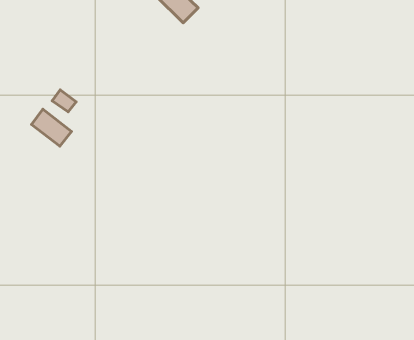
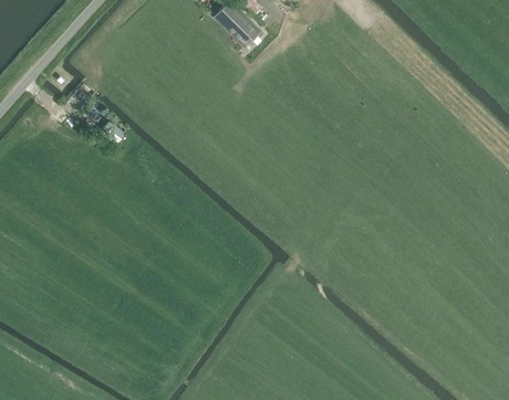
building: [31,109,71,146] -> none

